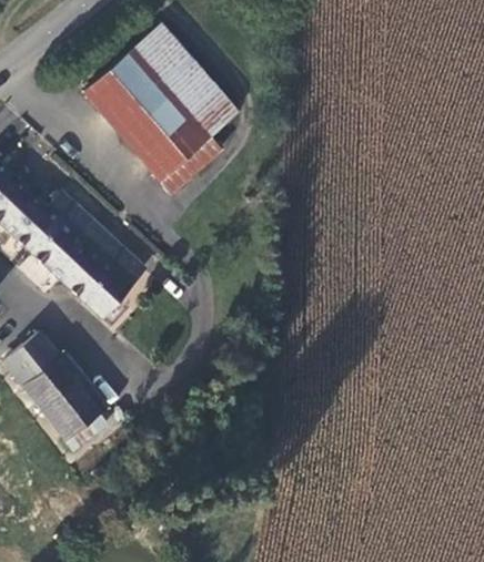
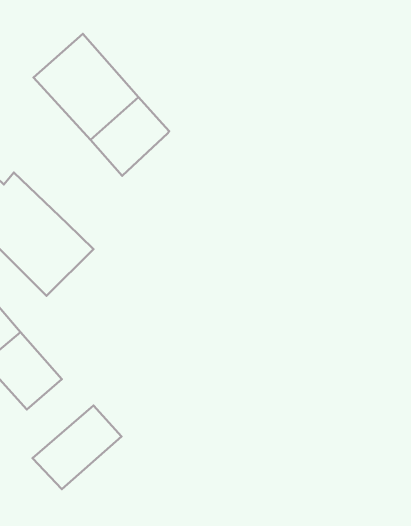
building: [131,23,239,137] -> none
building: none -> [33,405,121,489]

